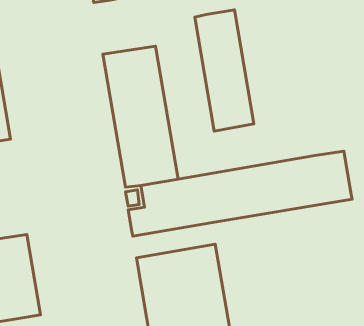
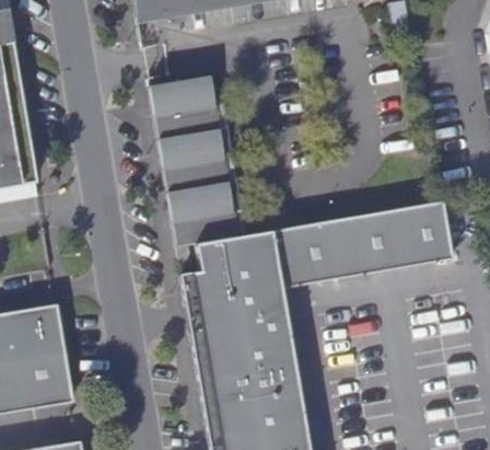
building: [195,10,254,131] -> none
building: none -> [186,289,285,332]

